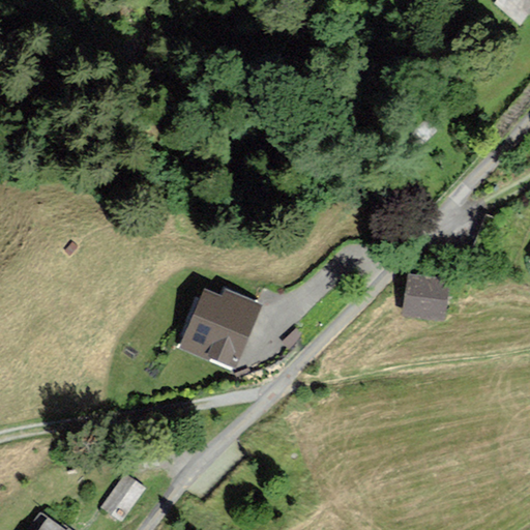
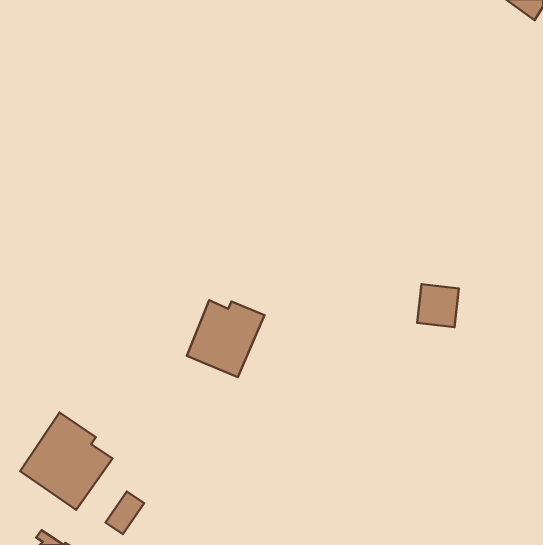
building: none -> [20,412,112,510]

